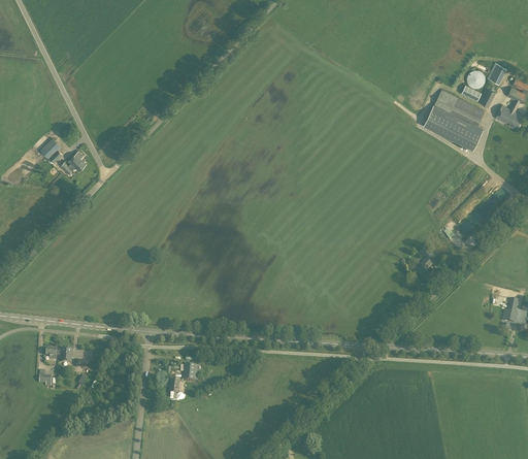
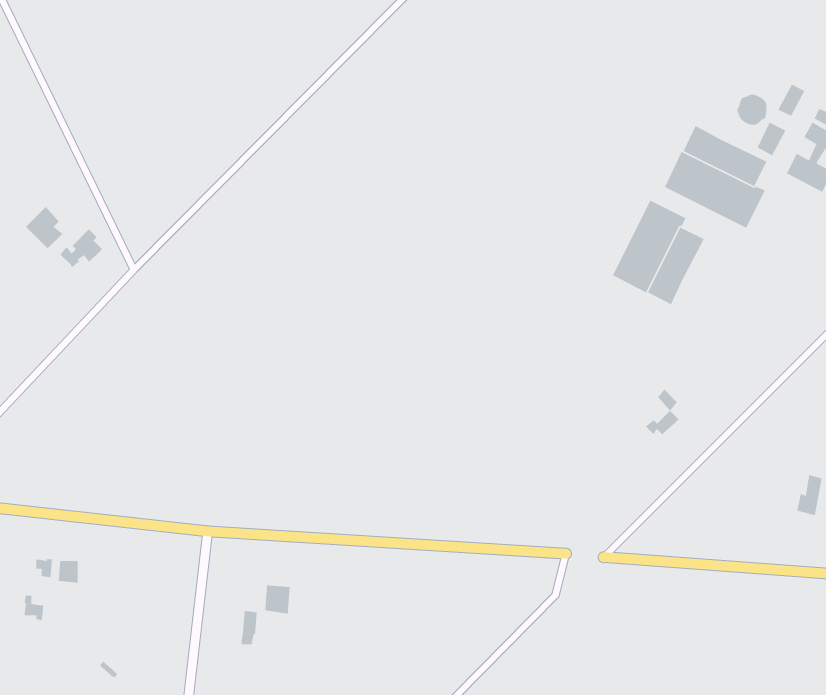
building: none -> [612,200,704,305]

